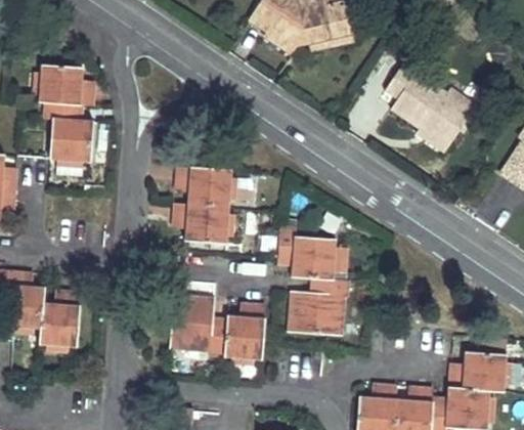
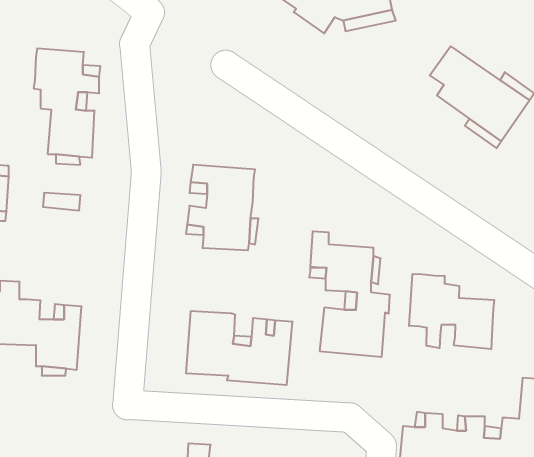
building: none -> [409,274,494,349]

